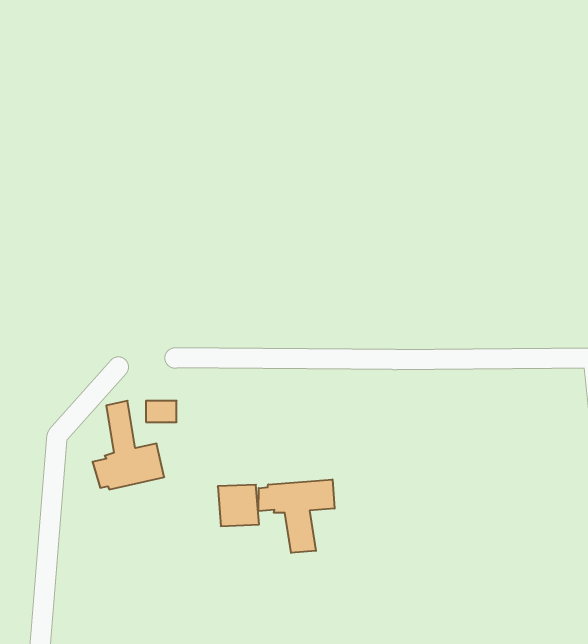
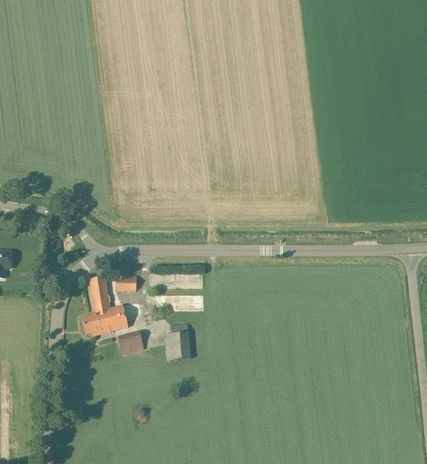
building: [258,479,335,553] -> none
building: none -> [116,330,143,354]

